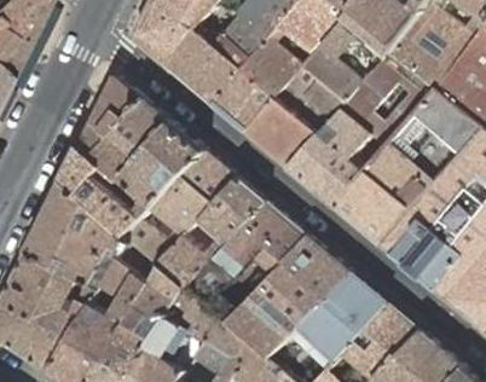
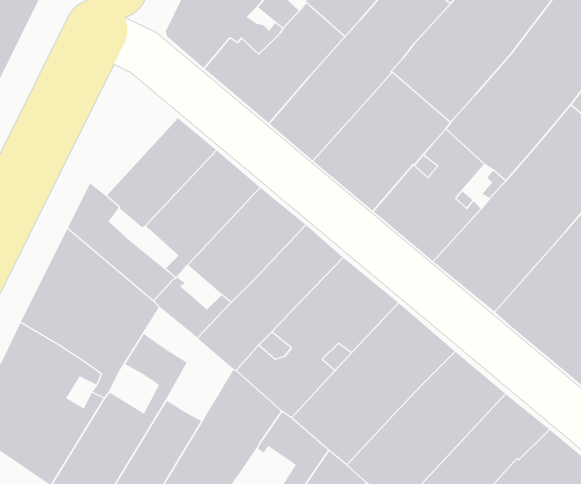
building: [79,76,144,157] -> none
building: [118,241,185,325] -> none

